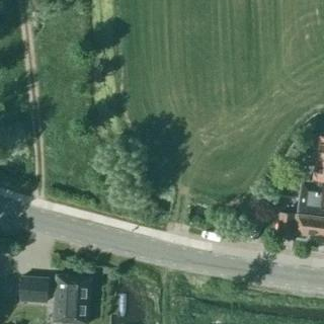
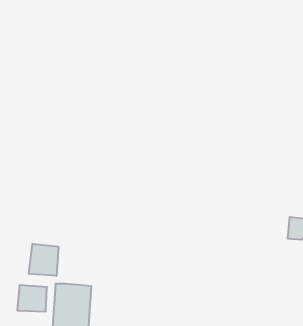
building: none -> [29,244,59,276]

